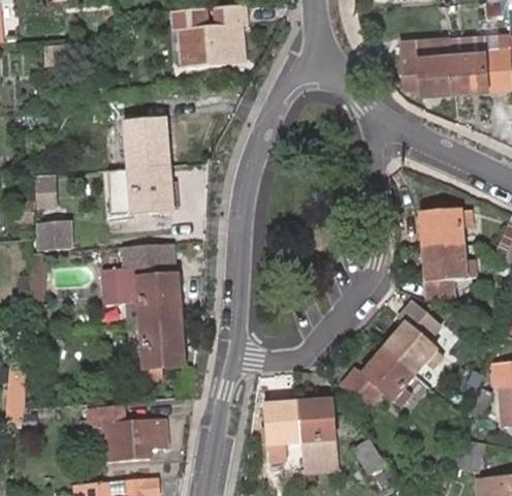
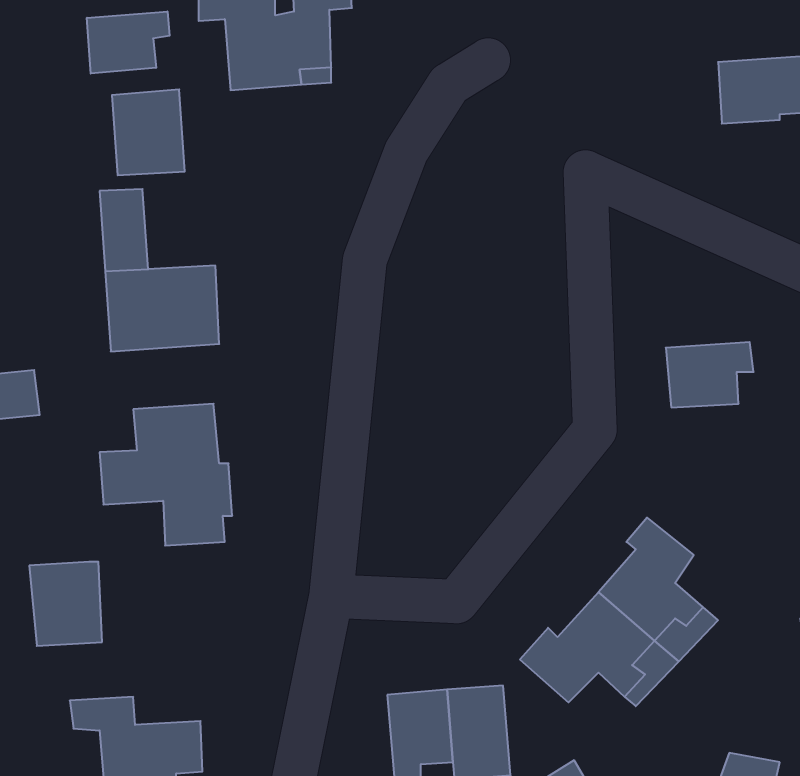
building: none -> [87,11,170,74]
building: [402,40,451,90] -> none
building: [131,121,171,168] -> [112,89,185,175]
building: [423,243,473,296] -> none
building: [143,319,184,366] -> [29,562,102,646]

